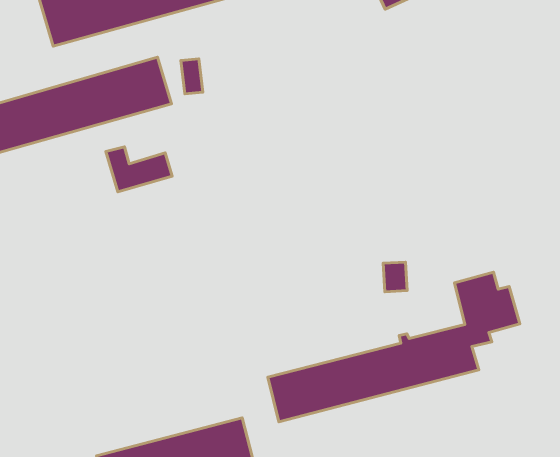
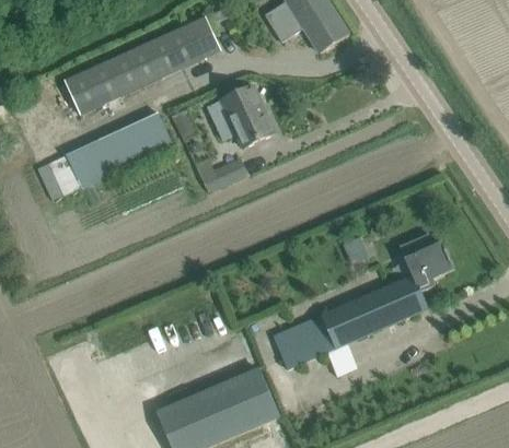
building: none -> [207,83,275,146]
building: [106,147,172,192] -> [194,157,245,191]

